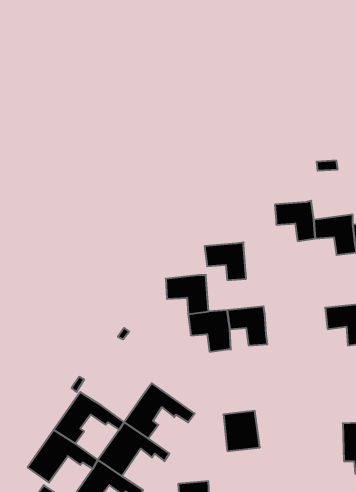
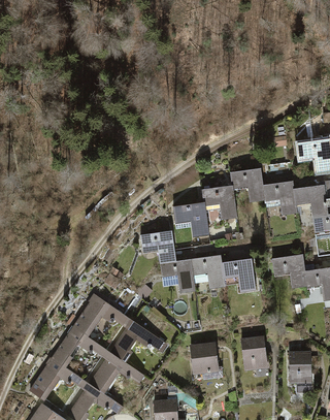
building: none -> [203,186,235,217]
building: none -> [223,260,257,293]
building: none -> [71,294,130,337]
building: none -> [239,336,267,370]

